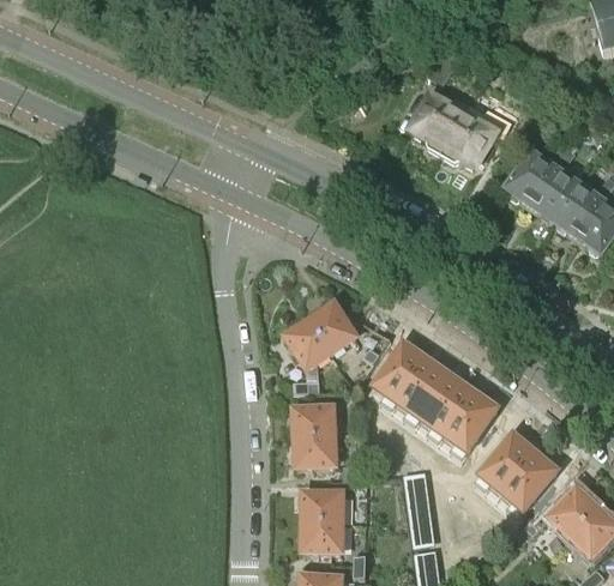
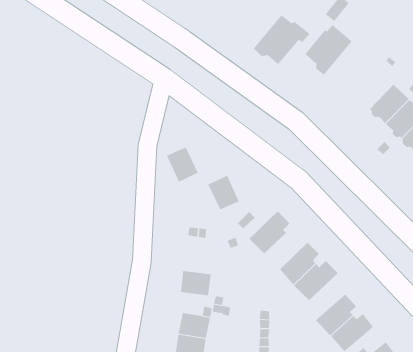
building: [439,103,511,169] -> [253,15,310,65]
building: [285,320,331,368] -> [166,147,198,182]
building: [398,361,452,416] -> none
building: [294,406,333,437] -> none

